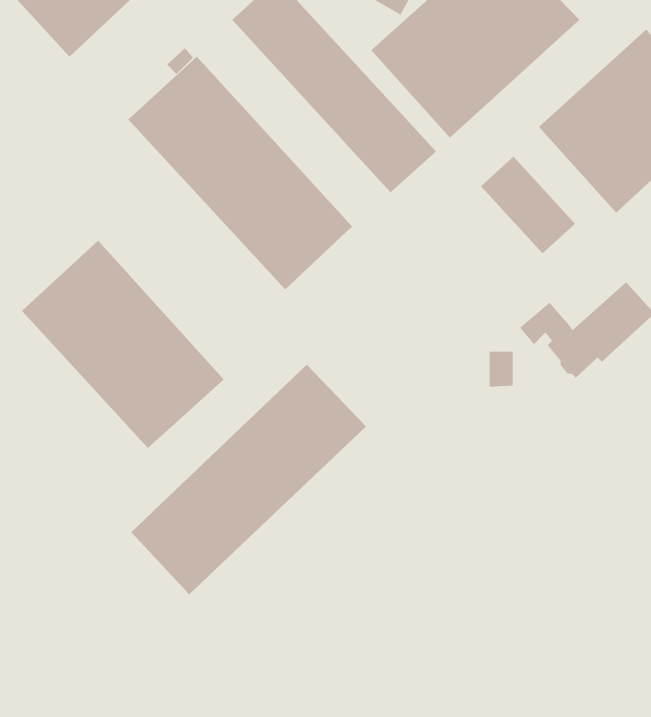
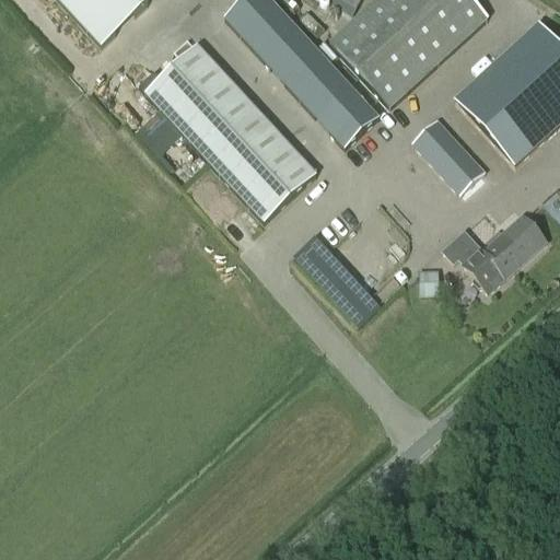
building: [21,240,225,449] -> none
building: none -> [294,232,385,325]
building: [131,364,367,595] -> none

